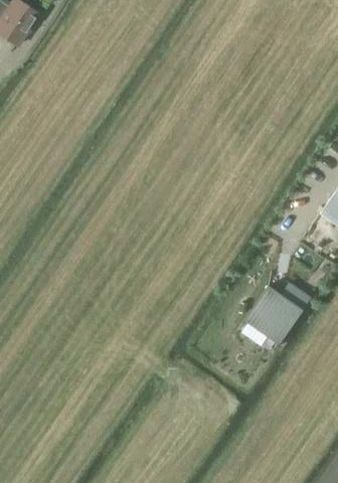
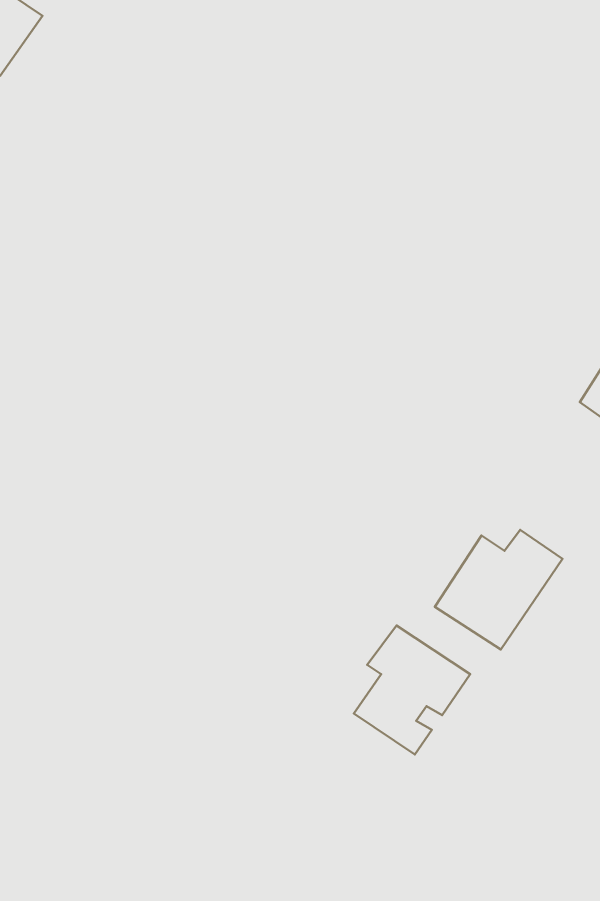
building: none -> [354,625,470,754]

